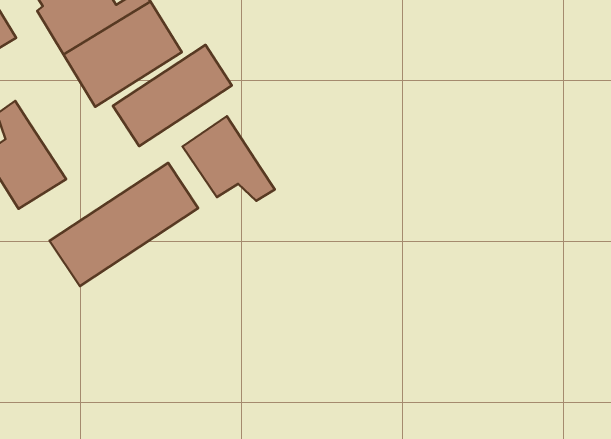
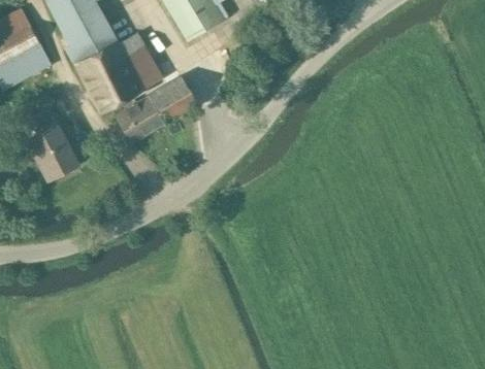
building: [183,116,275,201] -> none
building: [50,163,198,286] -> none

